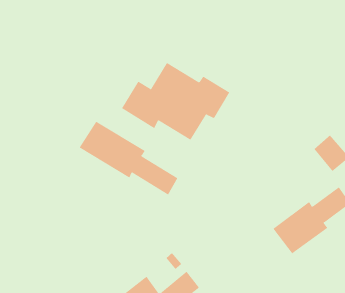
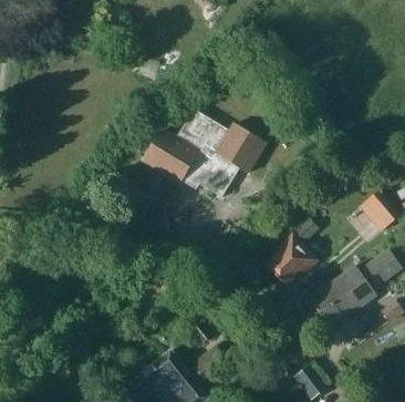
building: [79,121,178,195] -> none
building: none -> [264,216,318,284]

